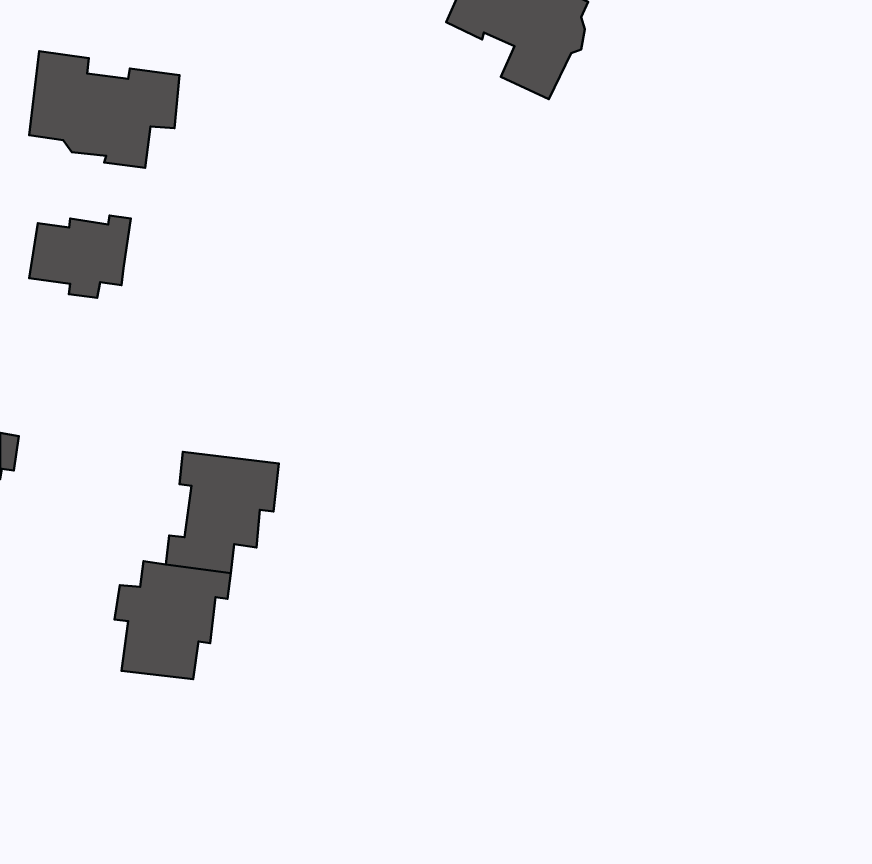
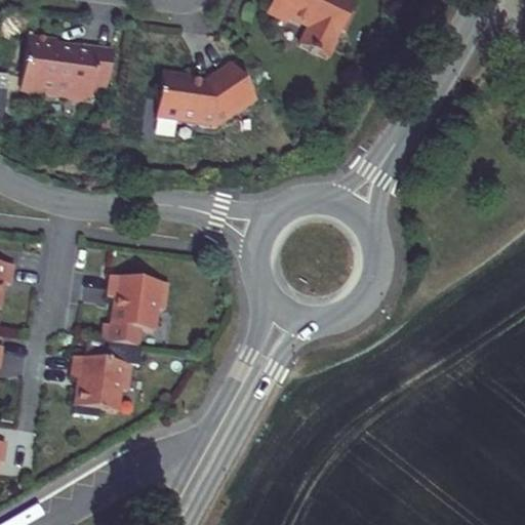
building: none -> [157,62,257,127]
building: [29,215,131,298] -> none

